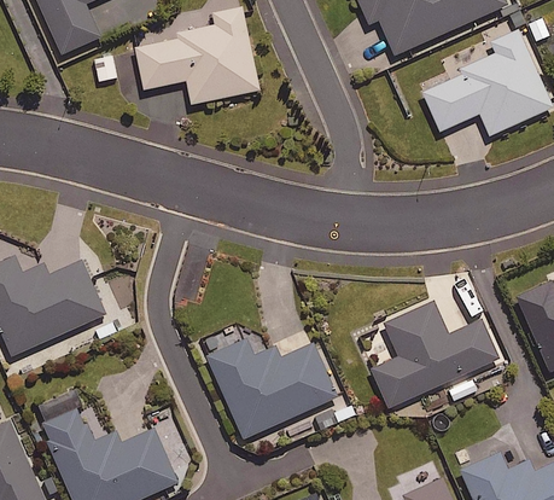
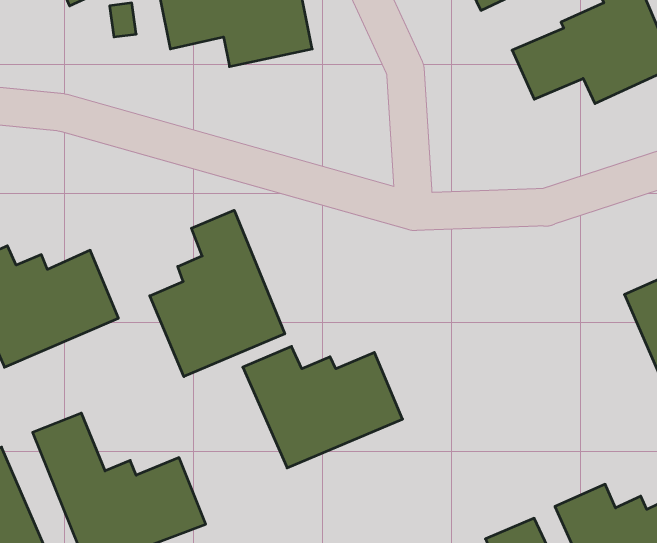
building: none -> [150,210,285,377]
building: [369,298,496,405] -> none

